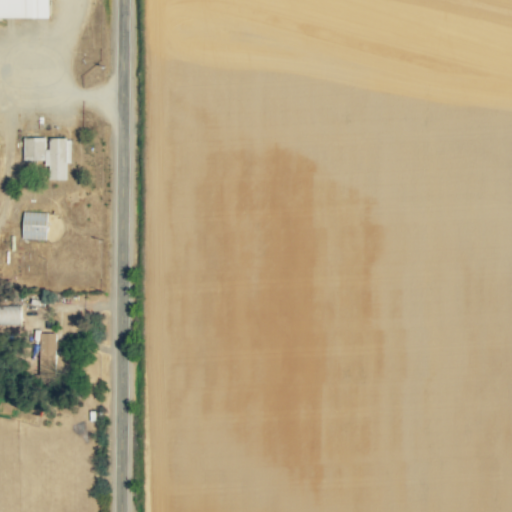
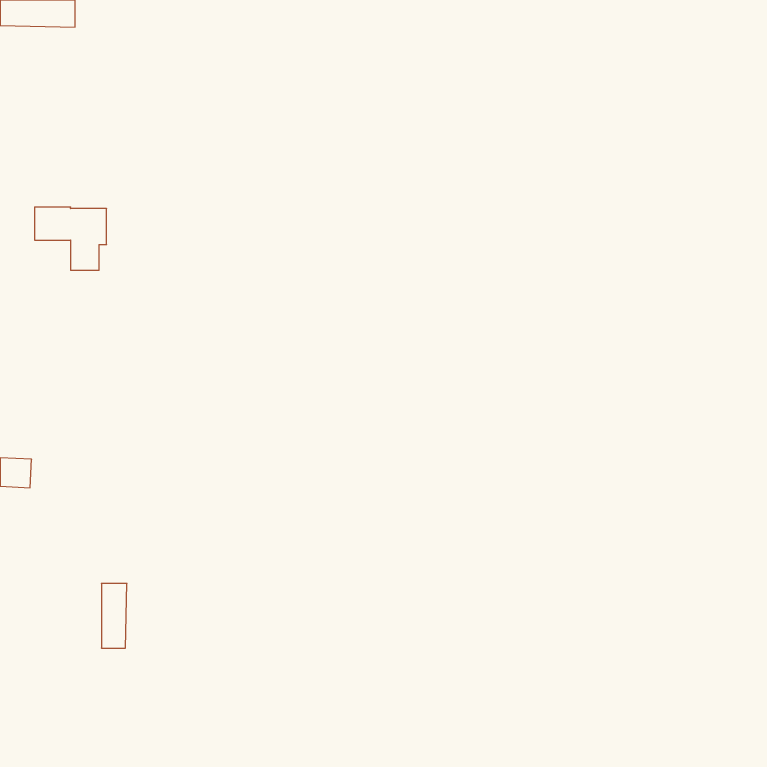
building: [22,212,47,240] -> none
building: [39,333,56,376] -> [101,583,127,648]

